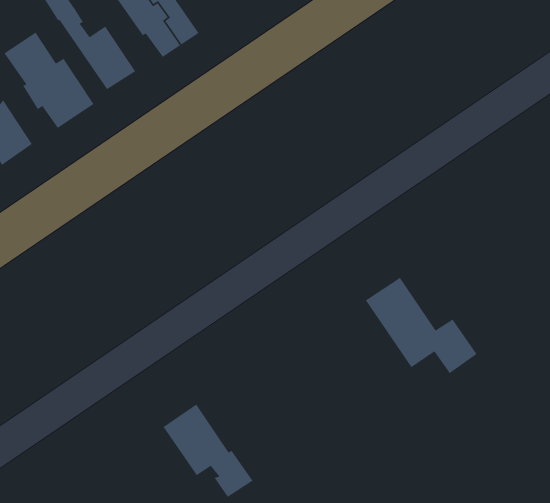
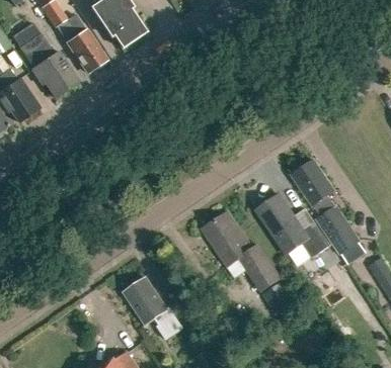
building: none -> [291,158,359,253]
building: none -> [206,213,280,290]

